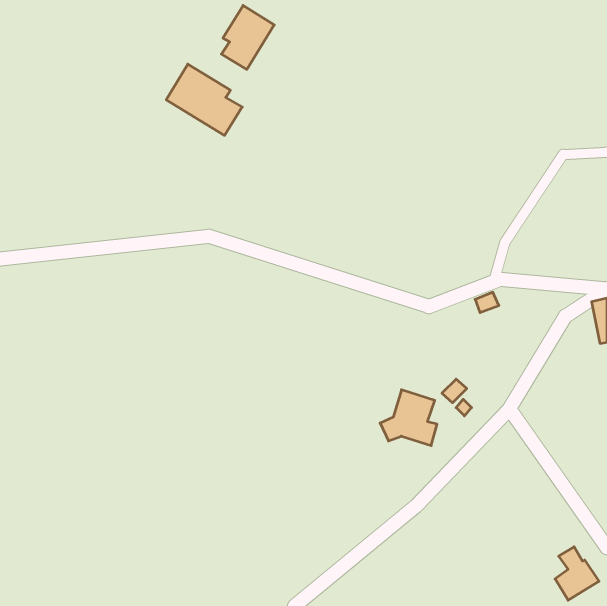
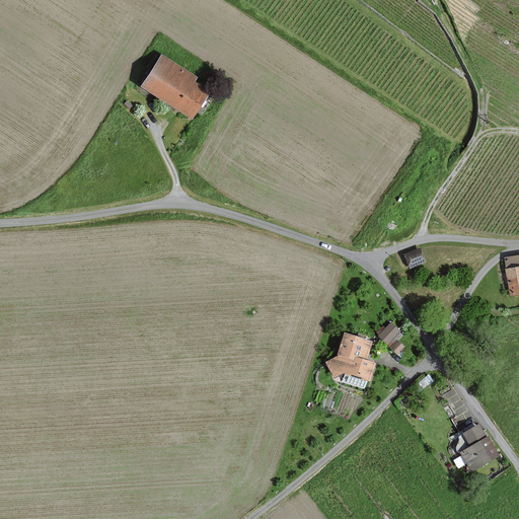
building: [221,5,274,69] -> none
building: [555,547,599,600] -> [459,426,497,471]

